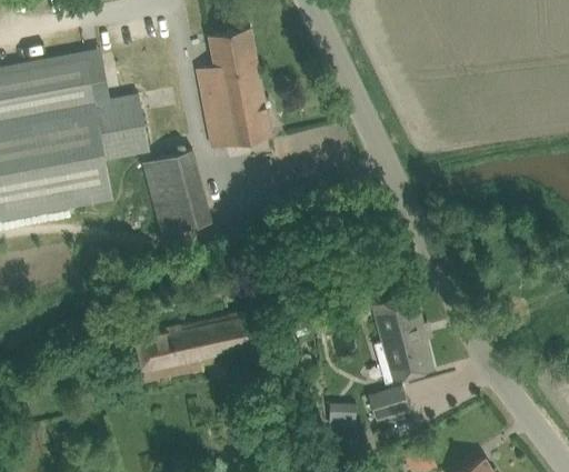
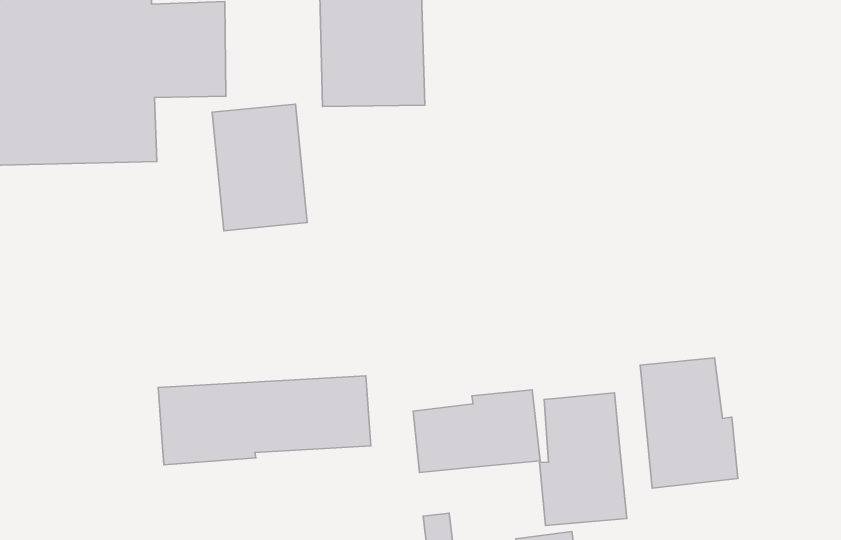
building: none -> [640,358,738,488]
building: none -> [413,390,540,472]

